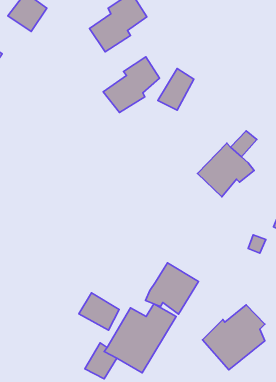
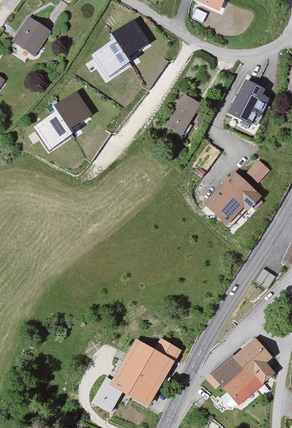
building: none -> [228,80,274,124]
building: [103,57,159,112] -> [36,90,94,147]
building: [145,263,198,314] -> none
building: [79,293,119,330] -> none

